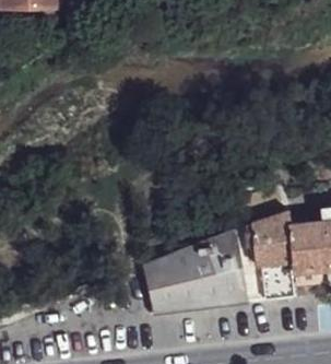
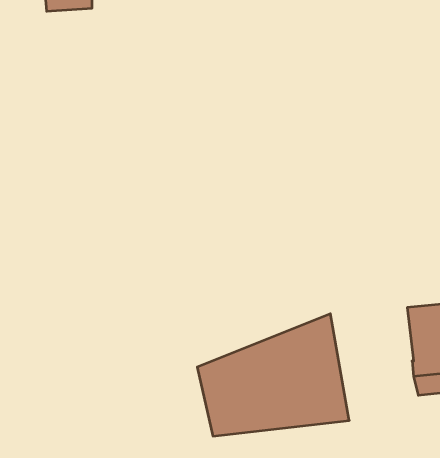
building: [245,211,293,301] -> none

